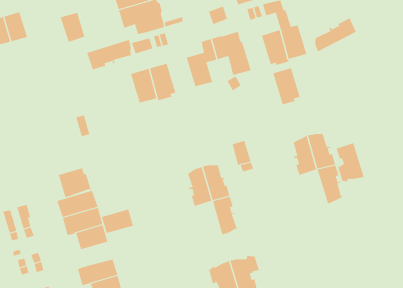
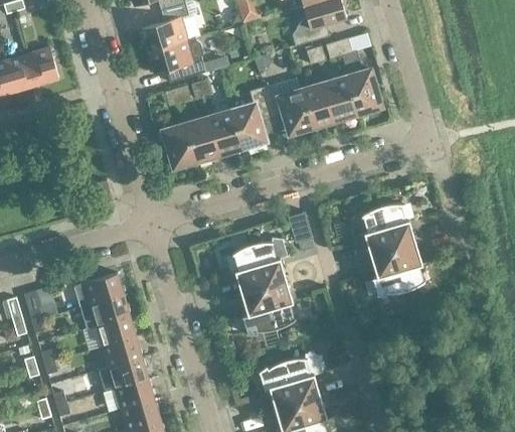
building: [60,12,85,42] -> [27,47,58,85]
building: [315,18,357,52] -> none
building: [87,39,131,70] -> none
building: none -> [208,110,243,154]
building: [273,68,300,105] -> [301,83,335,129]
building: [336,143,364,182] -> [370,248,405,296]
building: [58,167,92,198] -> none
building: none -> [237,286,276,334]
building: [101,209,134,233] -> [102,336,142,367]

